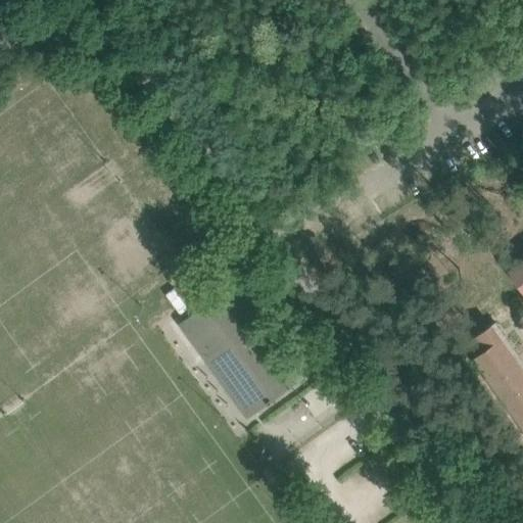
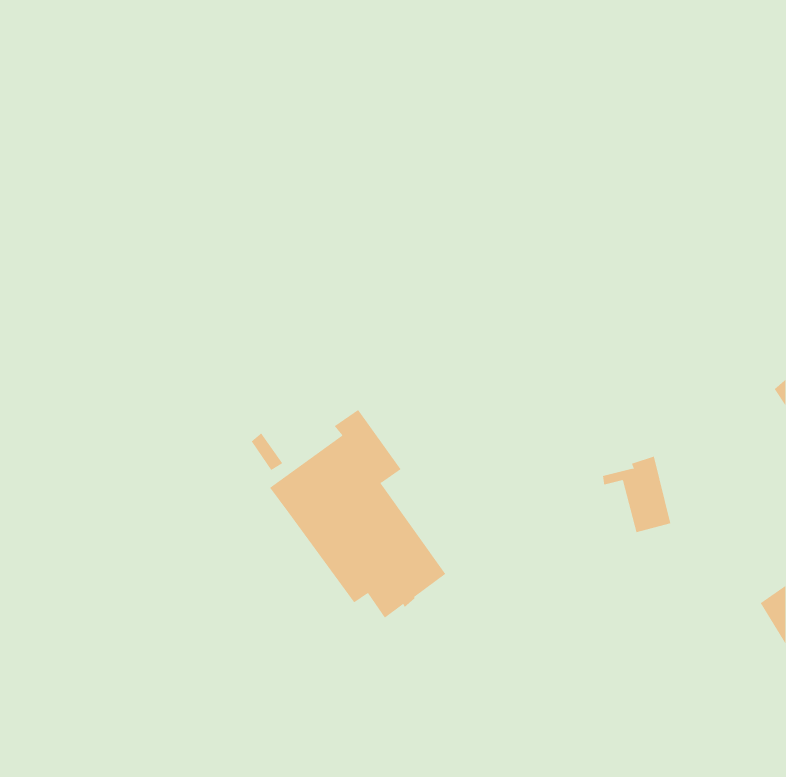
building: [467,339,513,390] -> [602,456,671,533]

